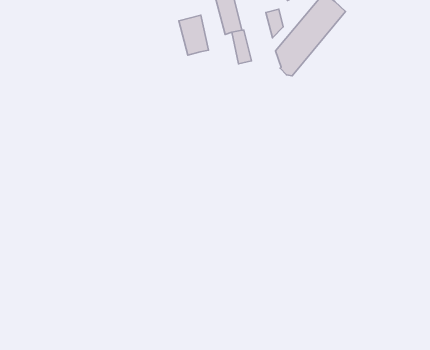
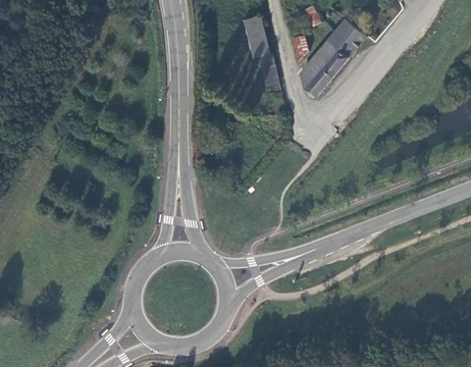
building: [179,15,209,55] -> none

